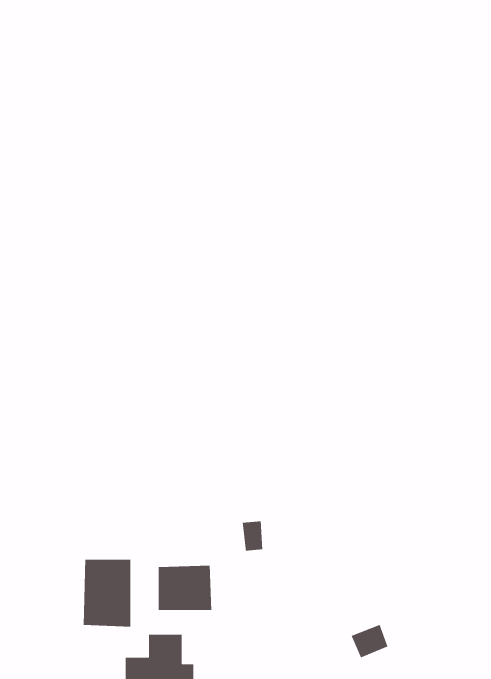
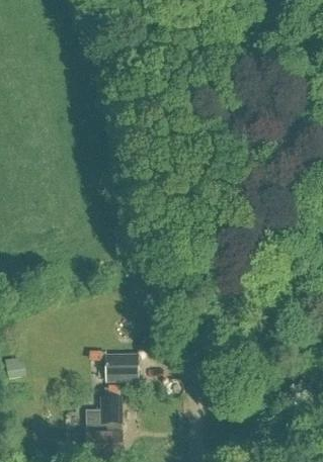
building: [83,559,131,628] -> none

